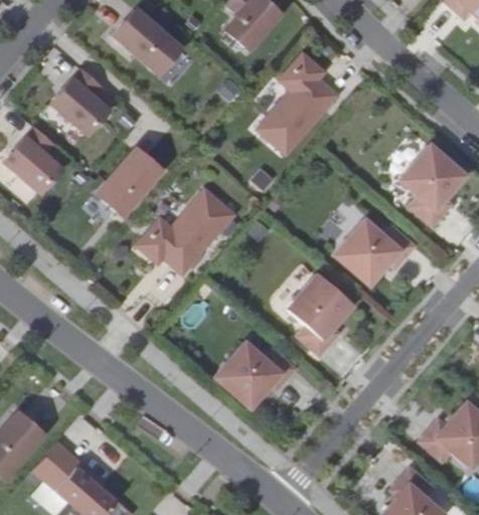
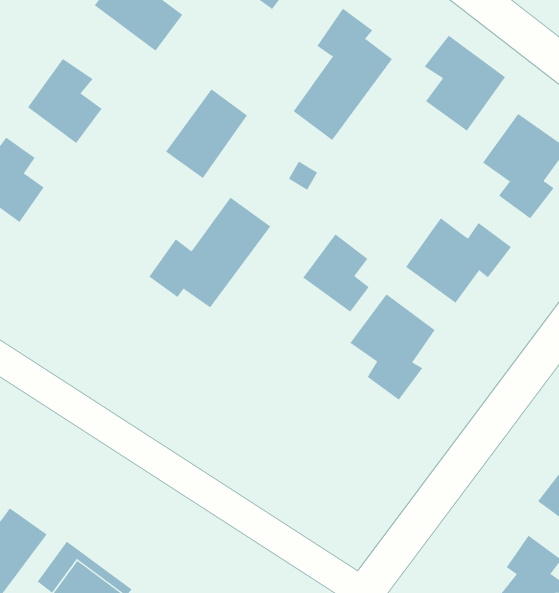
building: none -> [424,35,506,131]
building: [95,150,160,218] -> [165,88,248,179]
building: none -> [302,234,369,312]
building: [214,342,297,408] -> none

